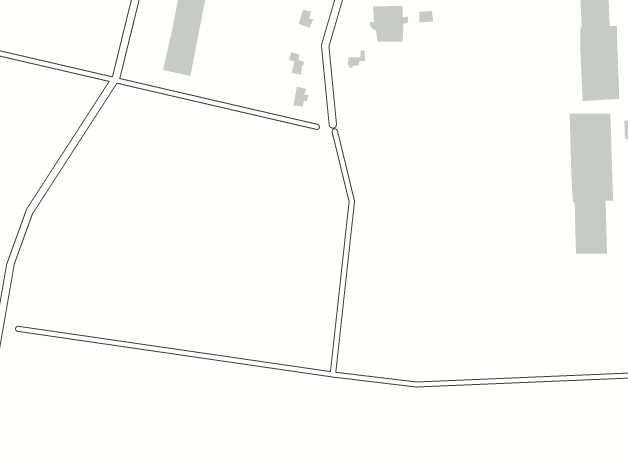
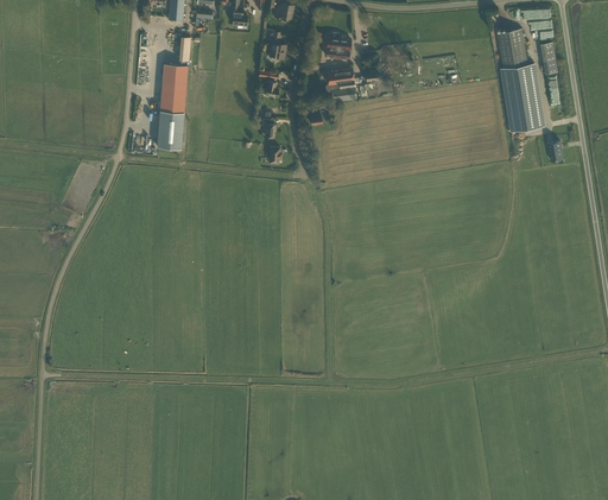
building: [569,113,614,254] -> none

